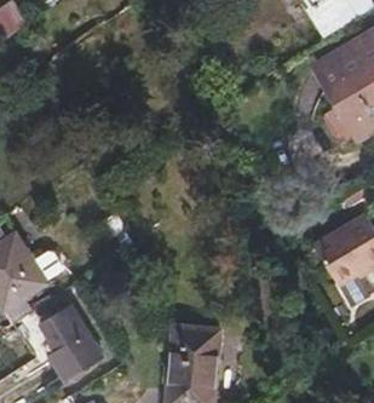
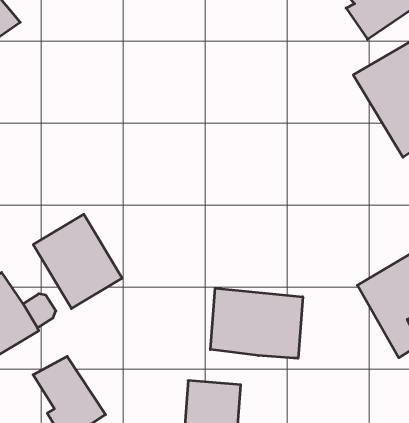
building: none -> [33,214,122,309]
building: none -> [210,288,303,358]

